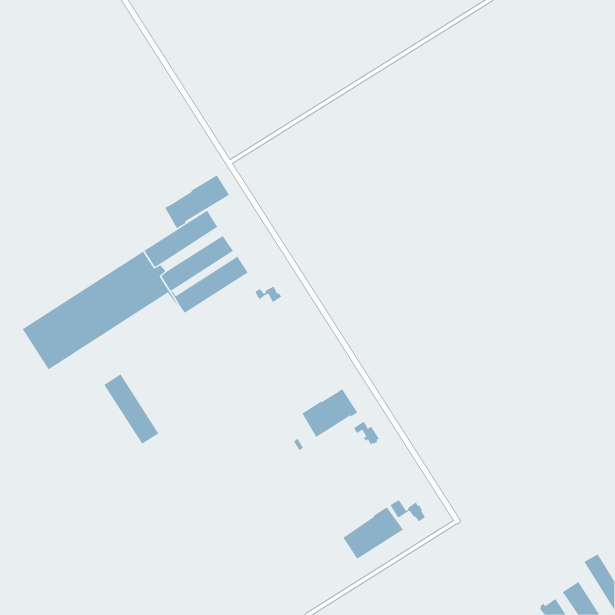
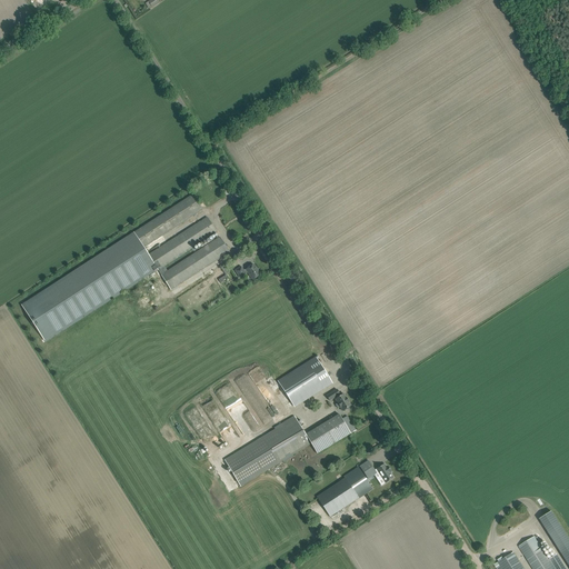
building: [164,175,230,229] -> none
building: [104,374,159,445] -> none
building: none -> [223,412,349,485]

